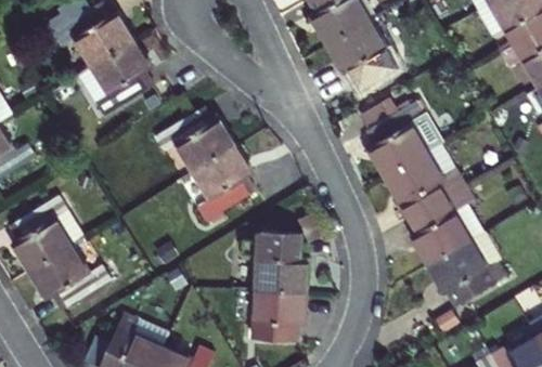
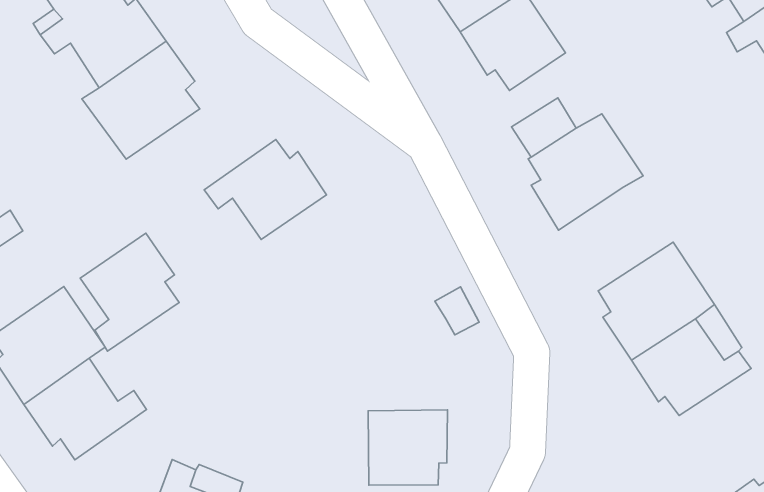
building: [385,144,466,218] -> none
building: [190,145,254,221] -> [80,233,179,351]
building: [244,230,307,290] -> none

